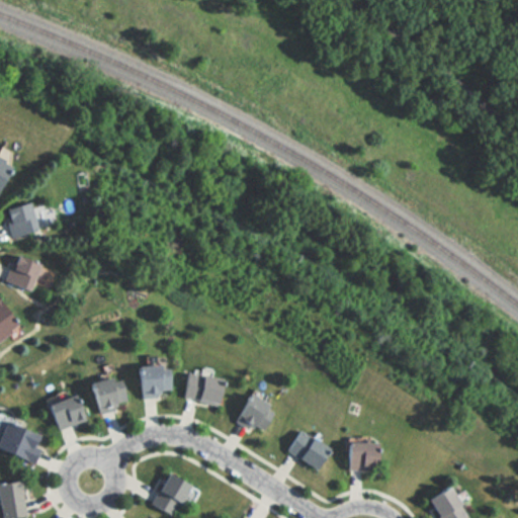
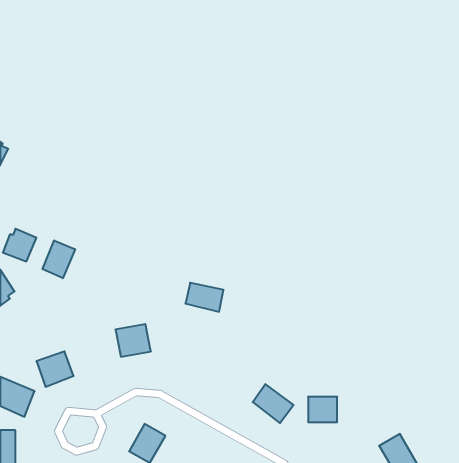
building: [10,202,42,240] -> none
building: none -> [43,240,75,278]
building: [88,373,131,414] -> none
building: [182,373,225,406] -> [185,283,224,312]
building: [234,394,277,436] -> none

